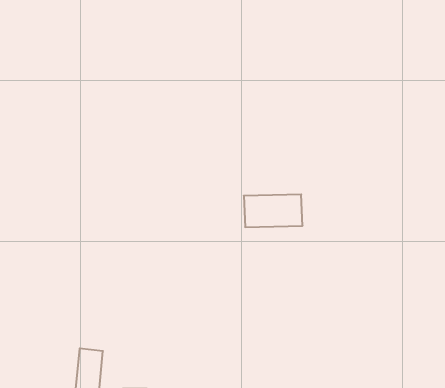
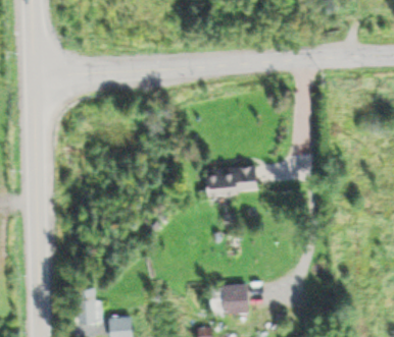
building: none -> [224,286,247,313]

